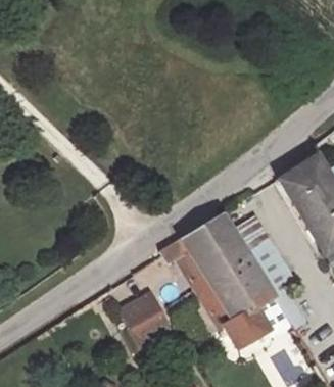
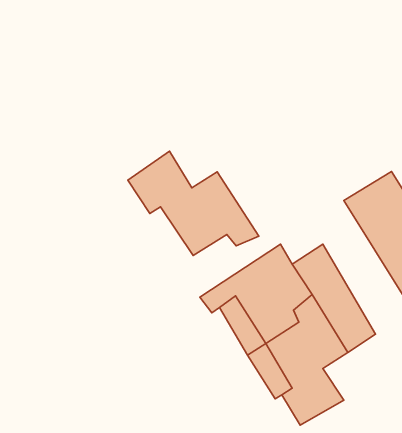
building: none -> [128,151,259,255]
building: [125,296,172,346] -> none

